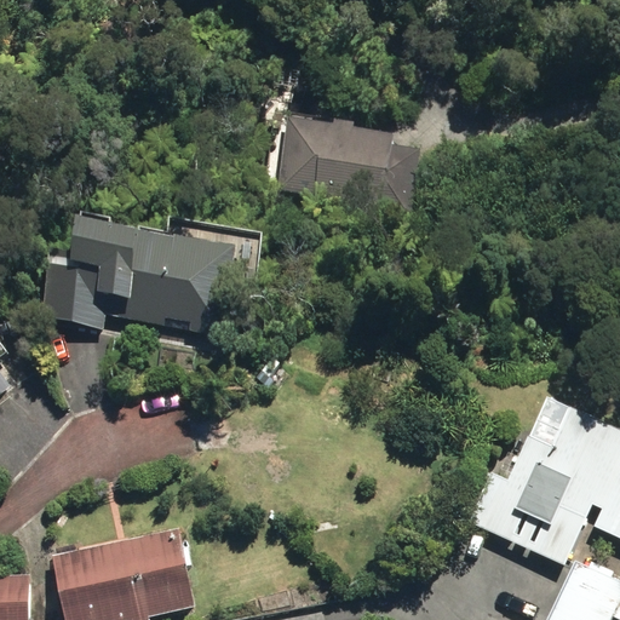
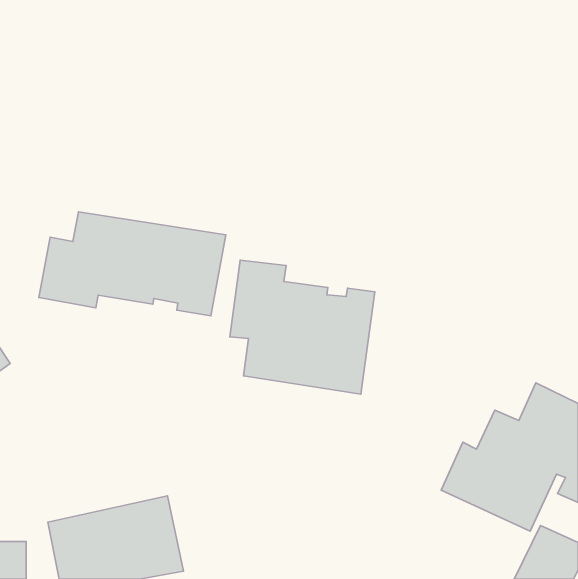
building: [281,117,423,212] -> none
building: none -> [230,260,375,394]

